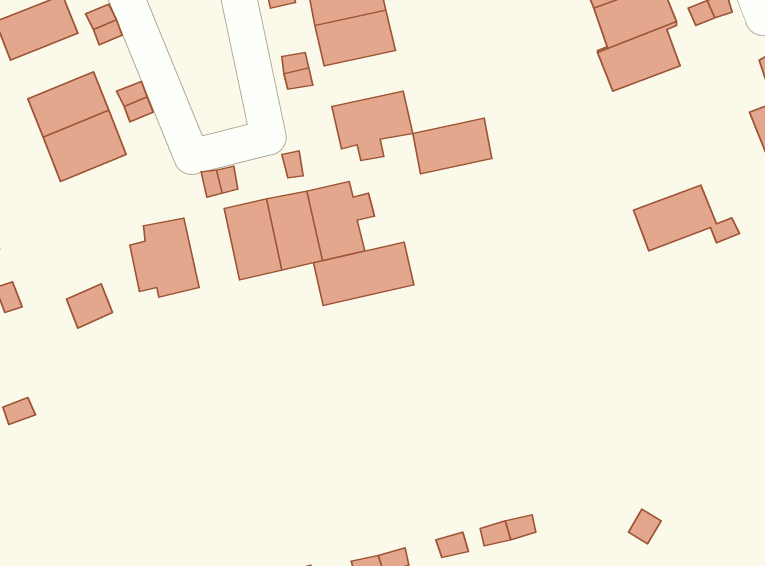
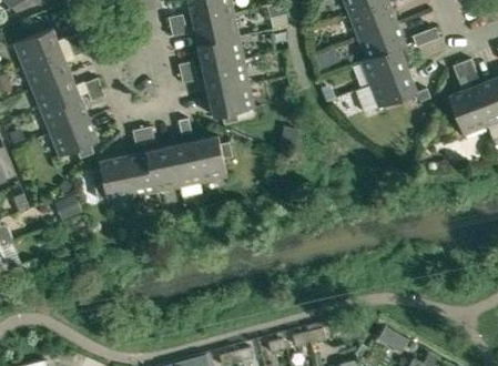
building: none -> [21,50,69,88]
building: [413,118,492,174] -> [202,60,247,92]
building: none -> [50,120,96,157]
building: [634,185,739,251] -> [368,69,429,106]
building: none -> [121,151,153,196]
building: [314,242,414,305] -> none

